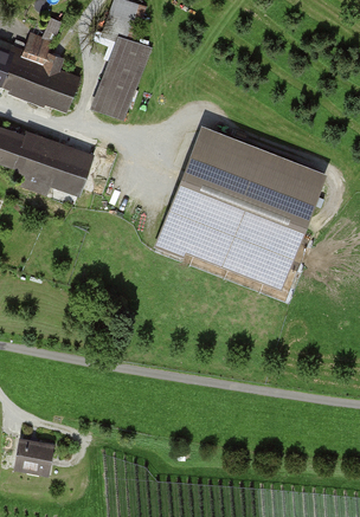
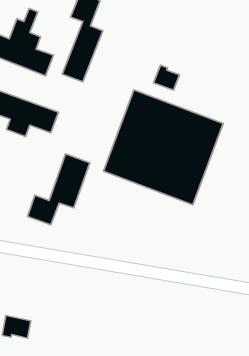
building: none -> [153,65,179,90]
building: none -> [27,154,90,225]

